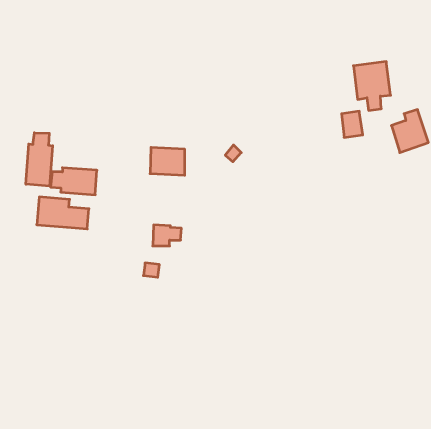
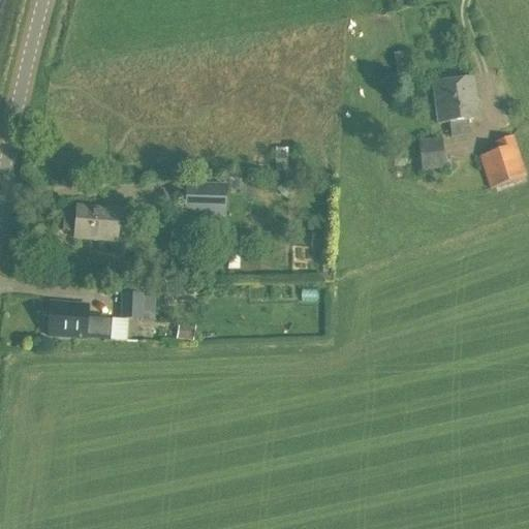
building: [26,133,53,186] -> none
building: [37,197,89,229] -> [48,300,112,339]
building: [153,225,181,246] -> [121,291,156,317]

